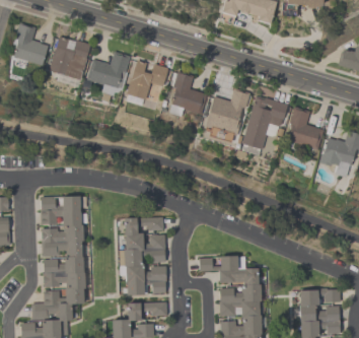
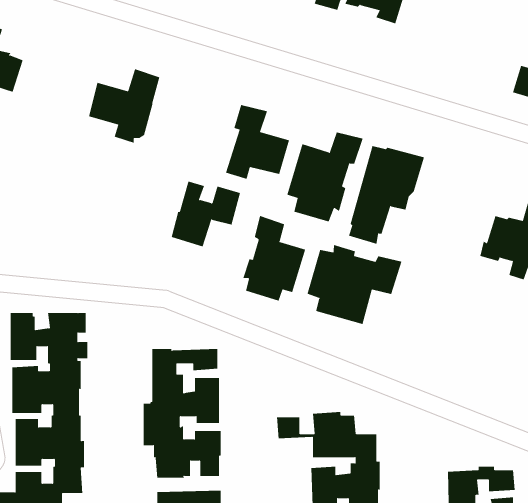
building: [49,37,91,79] -> none
building: [127,60,168,99] -> [171,181,241,247]
building: [285,107,324,150] -> none
building: none -> [243,215,306,301]
building: none -> [307,244,402,325]

